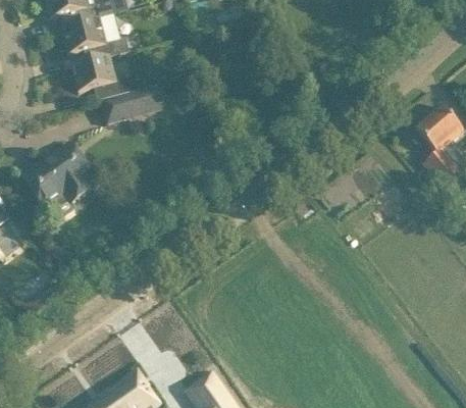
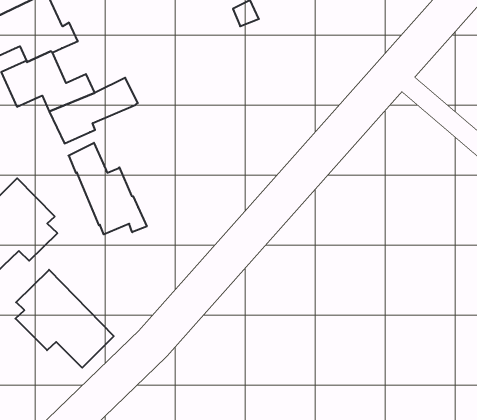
building: none -> [68,143,147,234]
building: none -> [15,270,114,368]

